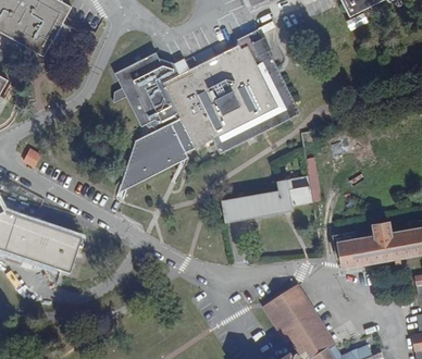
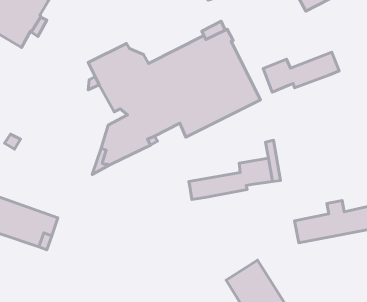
building: none -> [263,52,339,92]

